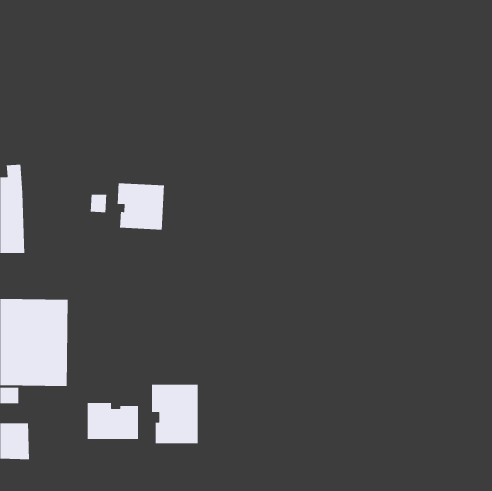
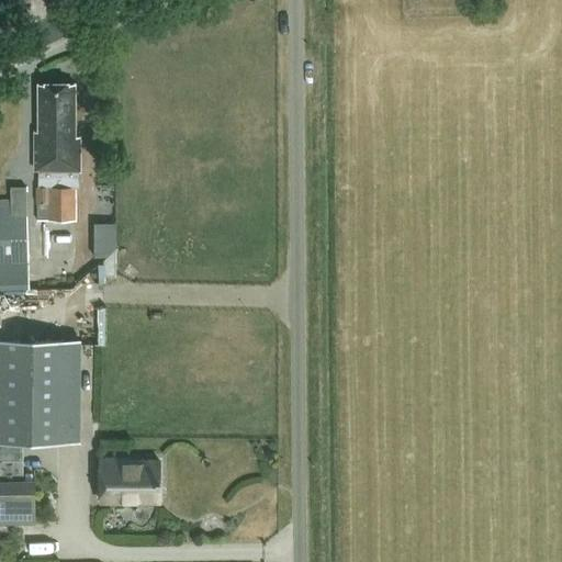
building: none -> [34,86,79,223]
building: [117,182,165,230] -> none
building: [151,384,198,444] -> none

